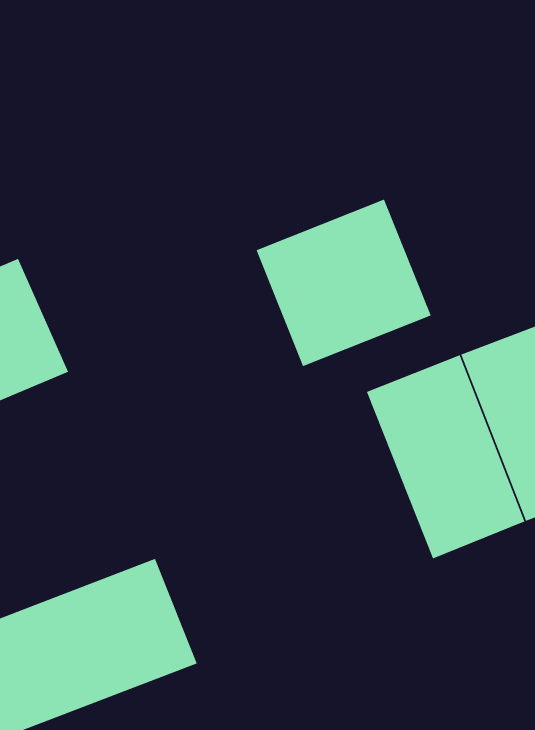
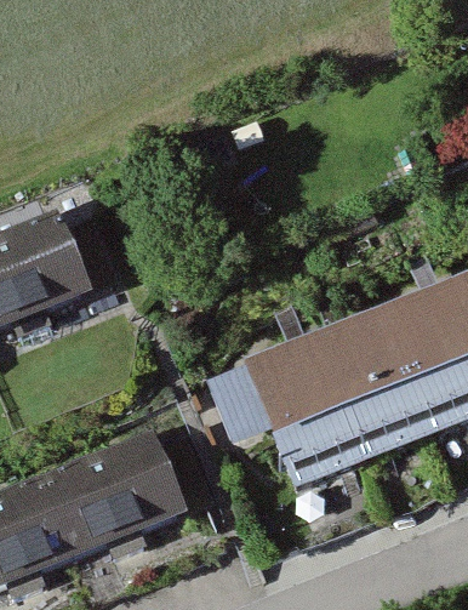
building: [255,198,432,367] -> none
building: none -> [244,314,363,466]

